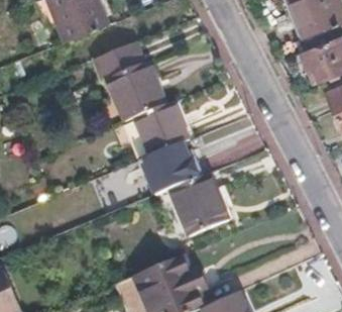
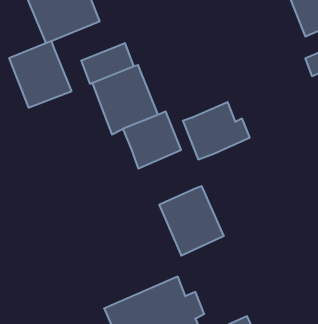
building: none -> [9,41,71,108]
building: [139,142,201,195] -> [183,102,250,159]

